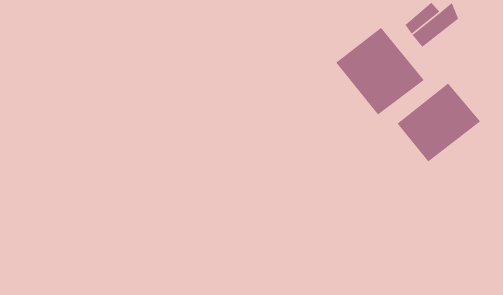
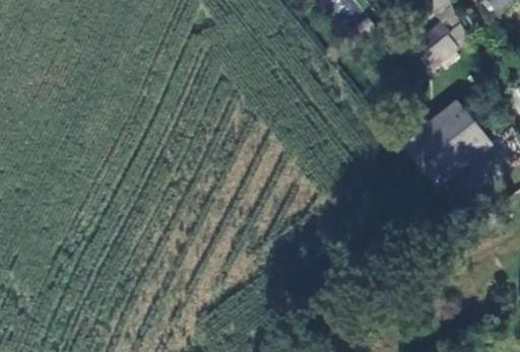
building: [335,27,425,116] -> none

